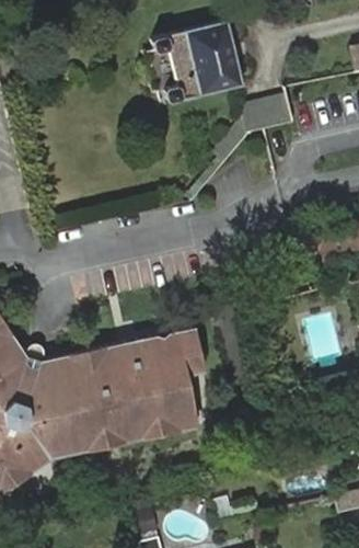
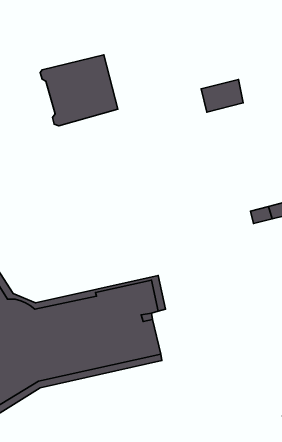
building: [152,22,243,105] -> [40,55,118,126]

